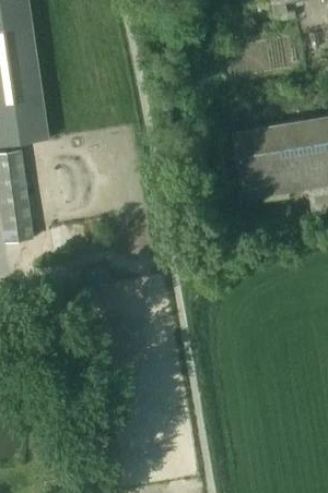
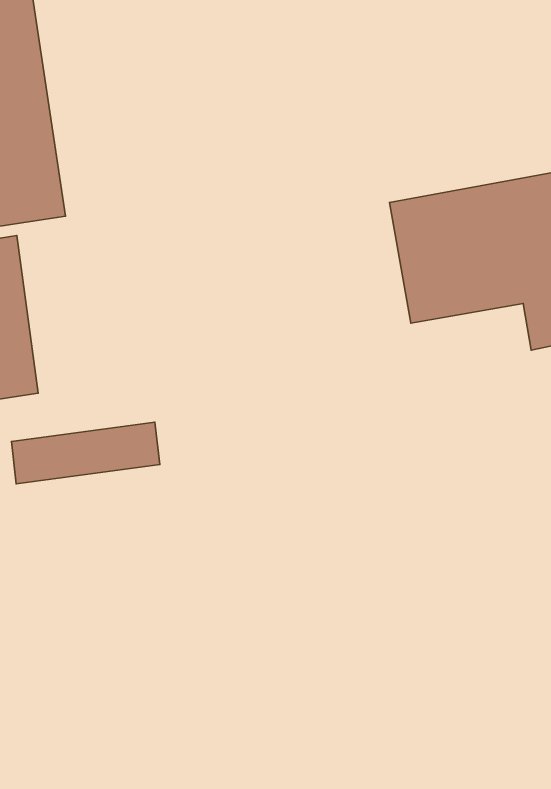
building: none -> [11,422,160,484]

